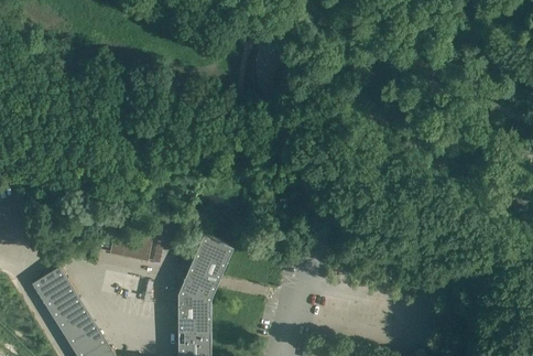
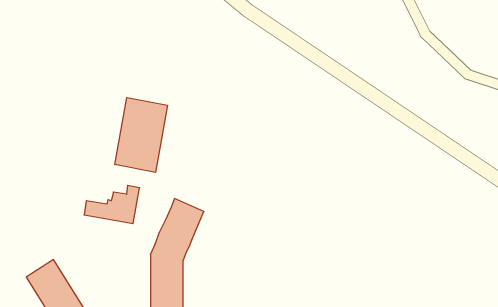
building: none -> [115,98,167,172]
building: [31,267,79,316] -> none

